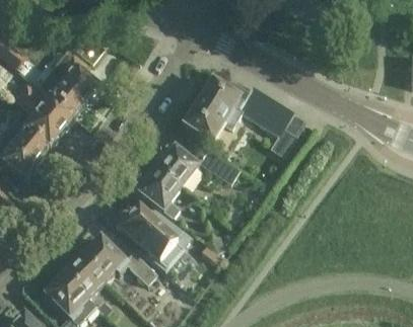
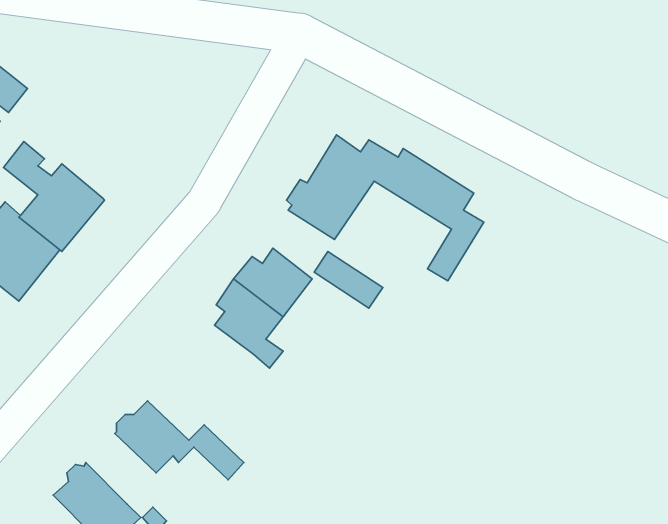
building: [50,54,98,117] -> none
building: [122,209,192,270] -> none
building: [64,256,106,298] -> none

